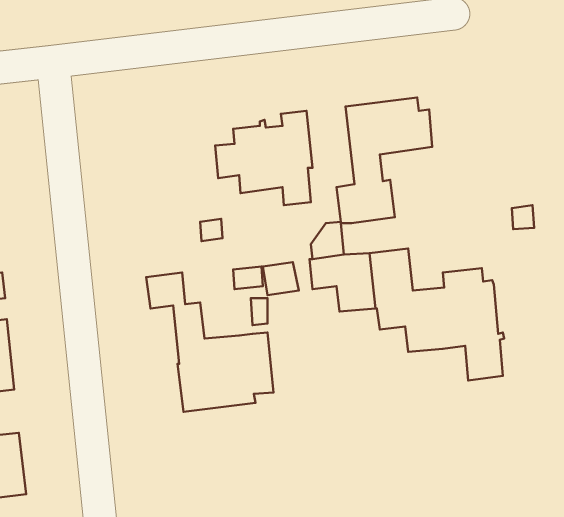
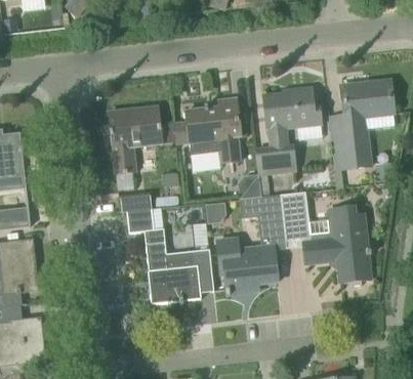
building: none -> [334,80,394,186]
building: none -> [108,106,162,173]
building: none -> [118,192,152,212]
building: none -> [215,236,278,295]

